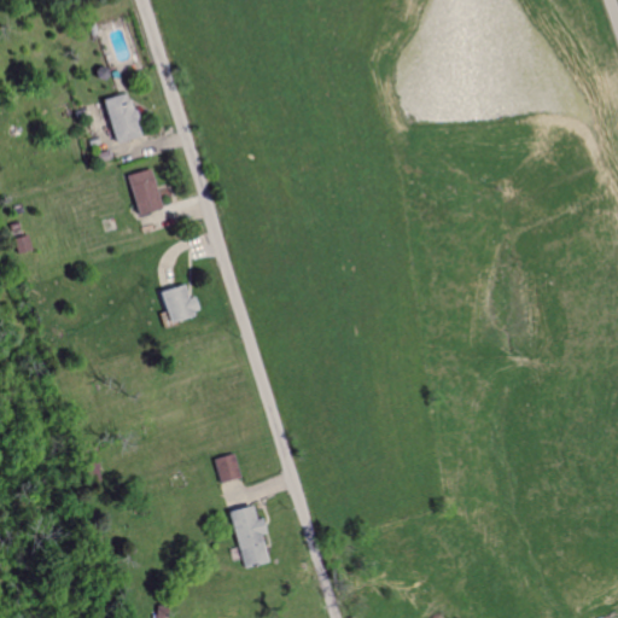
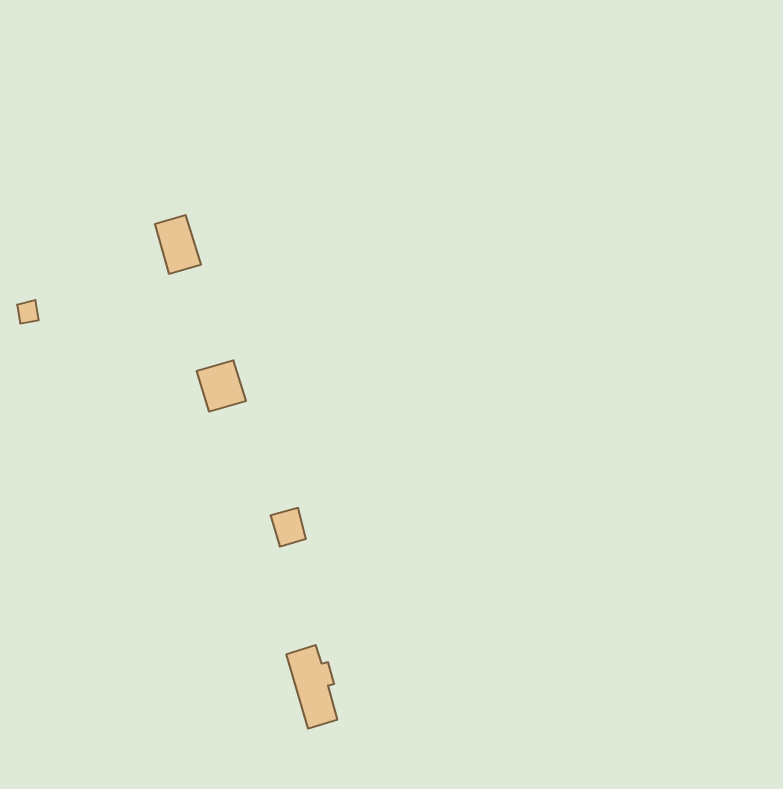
building: [104,92,142,144] -> none
building: [215,454,243,484] -> [270,508,306,547]

